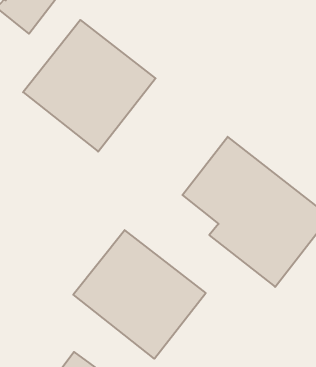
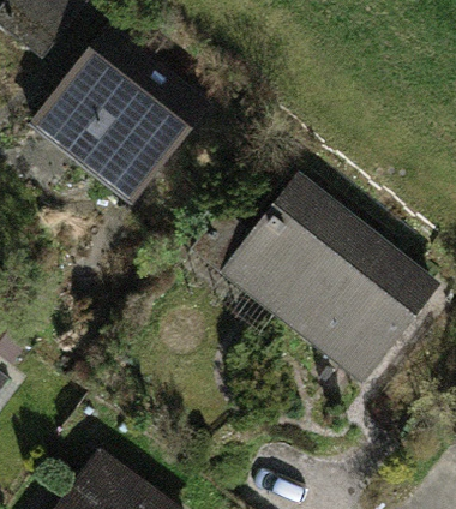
building: [73,230,206,359] -> none

